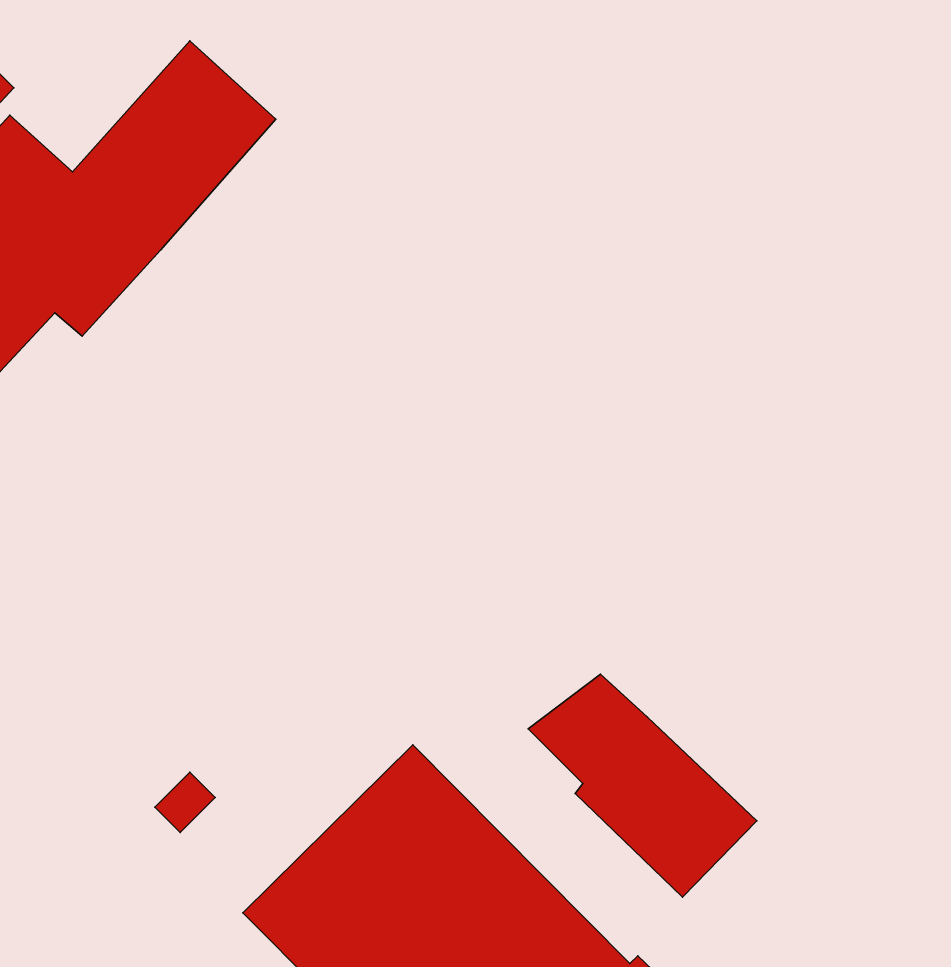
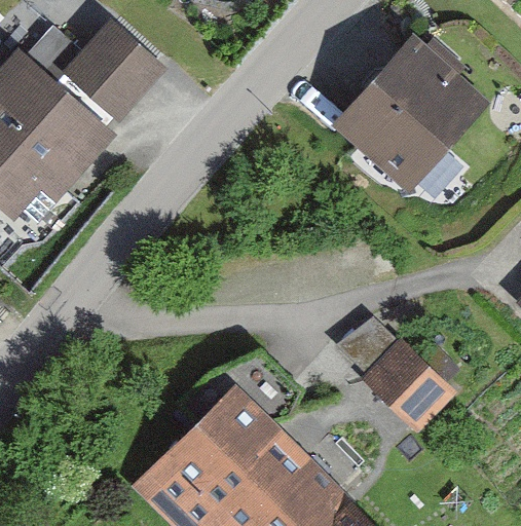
building: none -> [341,44,475,180]
building: [528,674,757,897] -> [341,316,461,434]

